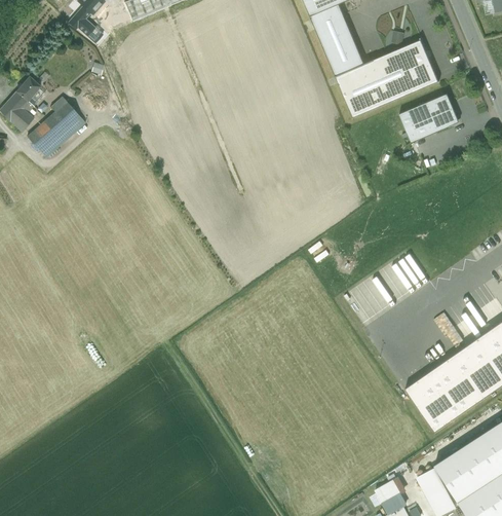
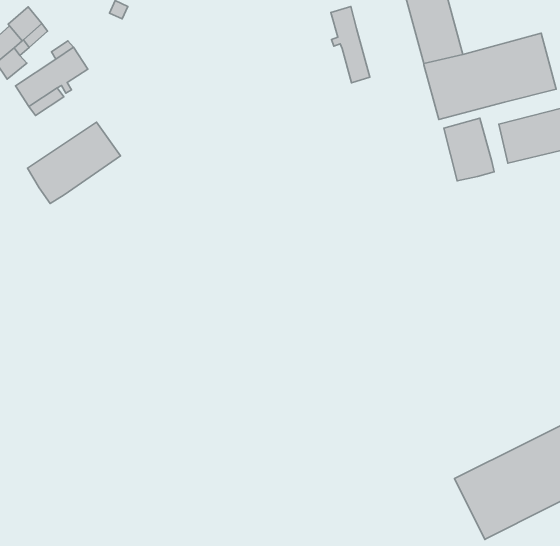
building: none -> [331,7,370,83]
building: none -> [444,118,494,181]
building: none -> [27,122,120,204]

